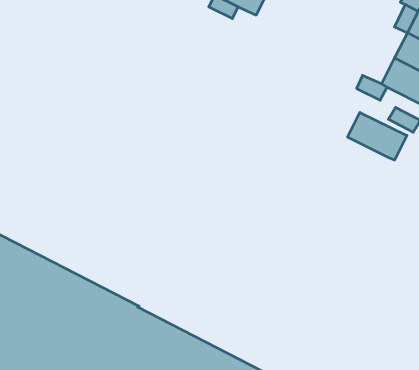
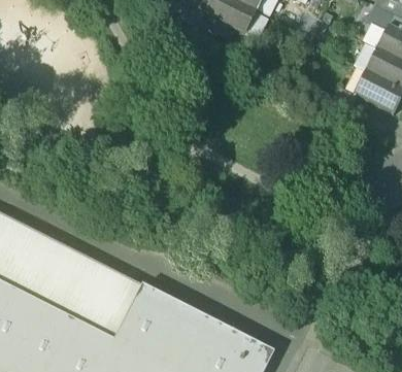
building: [348,112,407,160] -> none

